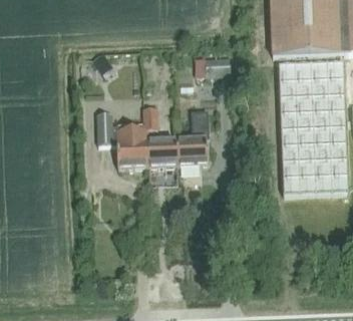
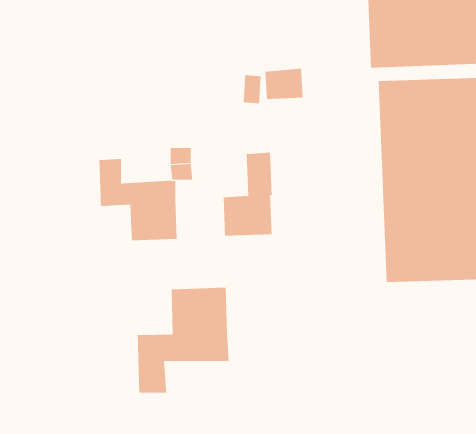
building: [148,136,180,164] -> none
building: none -> [137,287,229,393]

